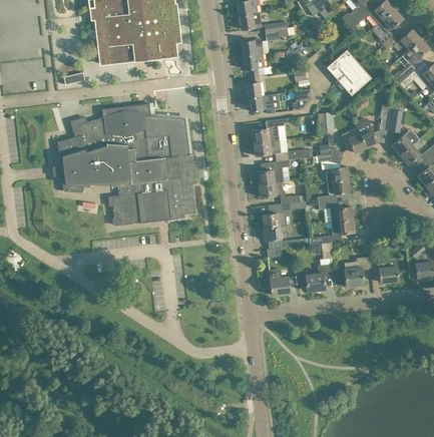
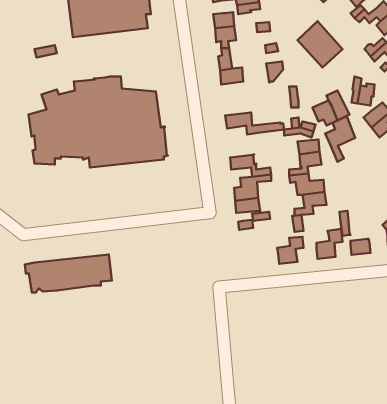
building: [252,117,290,142] -> none
building: none -> [325,116,355,162]
building: [257,159,289,184] -> none
building: [108,186,195,225] -> [25,254,112,293]
building: [268,269,297,295] -> none

